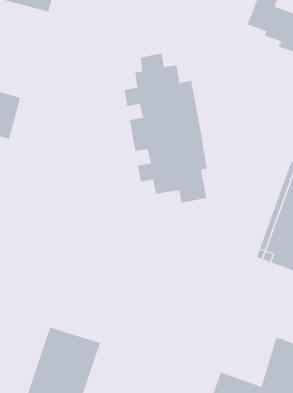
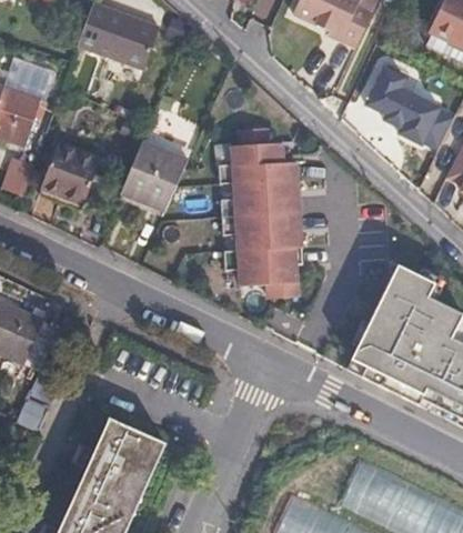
building: none -> [122,131,189,211]

